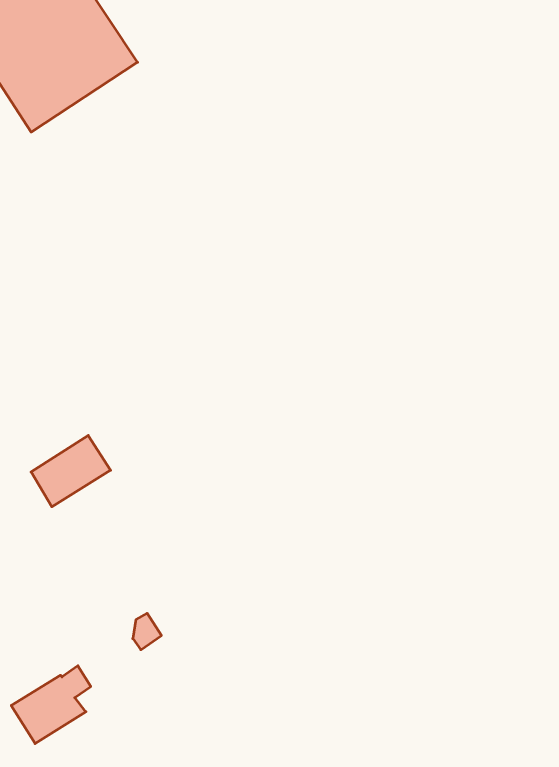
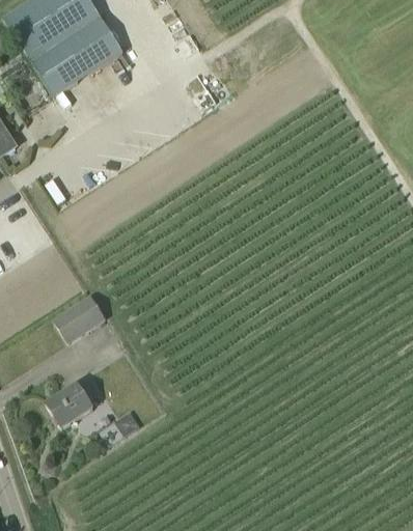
building: [11,666,91,744] -> [45,378,97,428]

